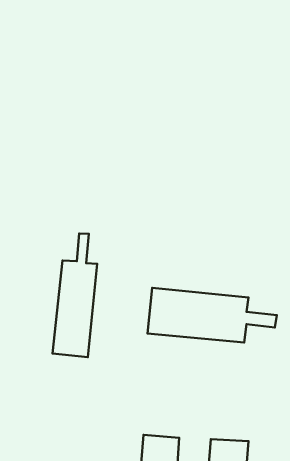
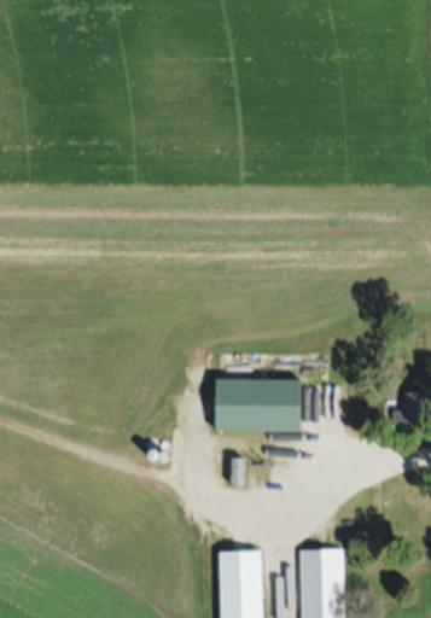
building: [53,234,97,357] -> none

